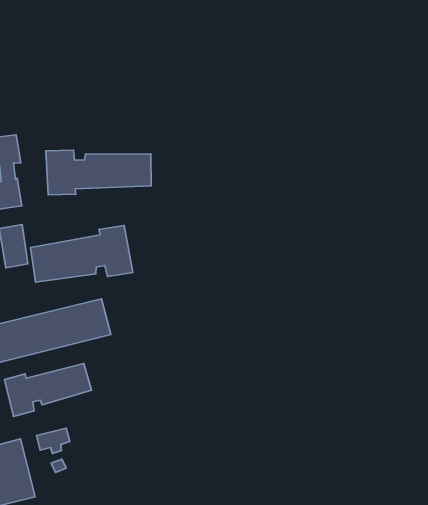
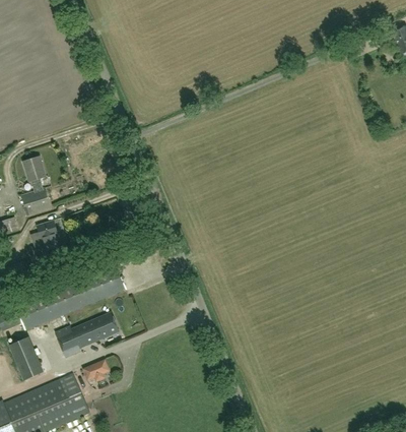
building: [46,150,151,195] -> none
building: [30,225,133,282] -> none

